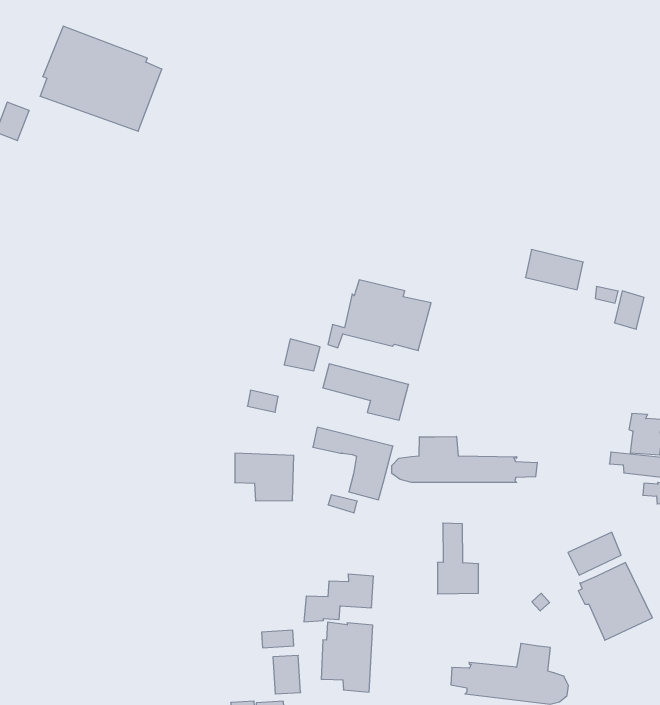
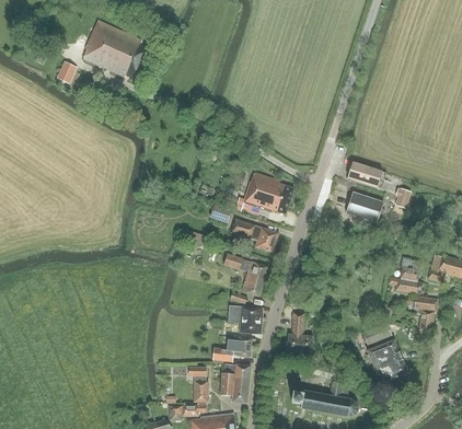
building: none -> [345,192,383,222]
building: [392,436,537,482] -> none
building: [235,453,294,501] -> [228,304,262,333]

